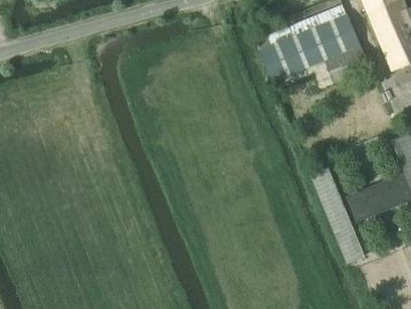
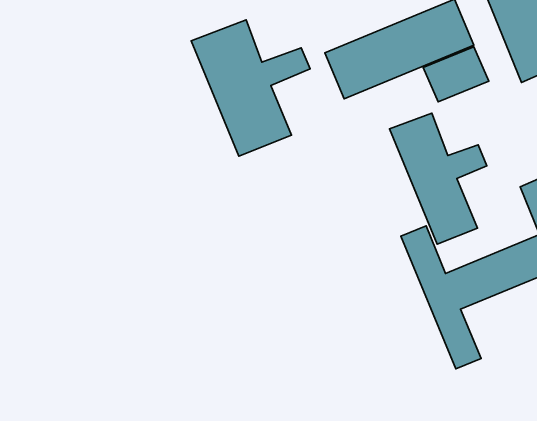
building: none -> [191,20,310,156]
building: none -> [390,113,487,244]

